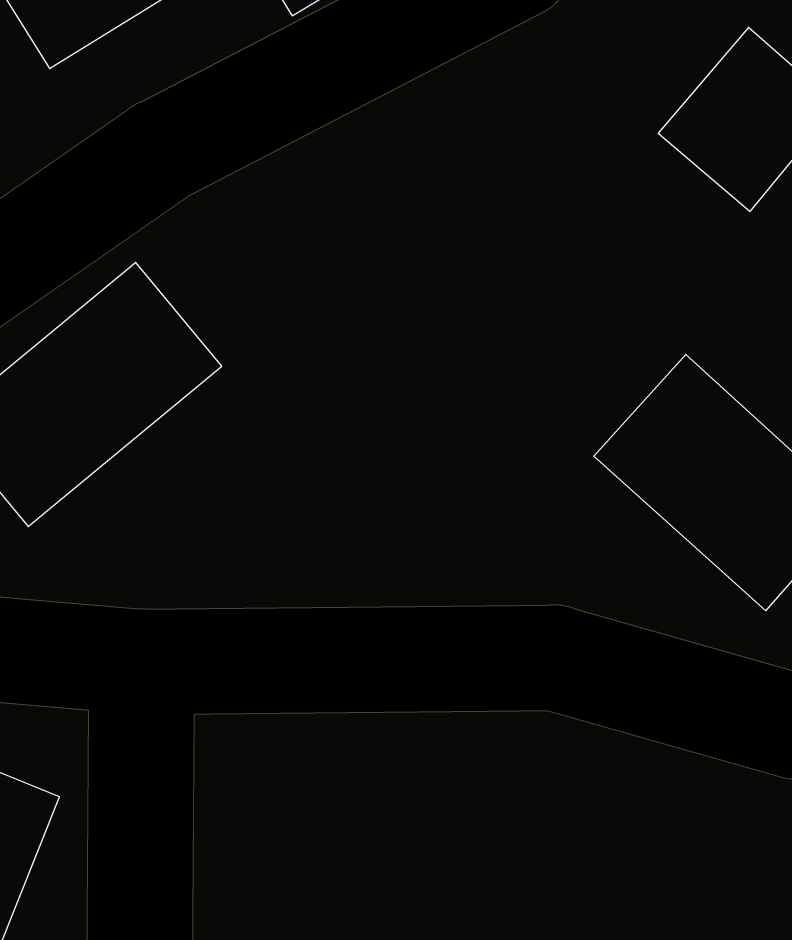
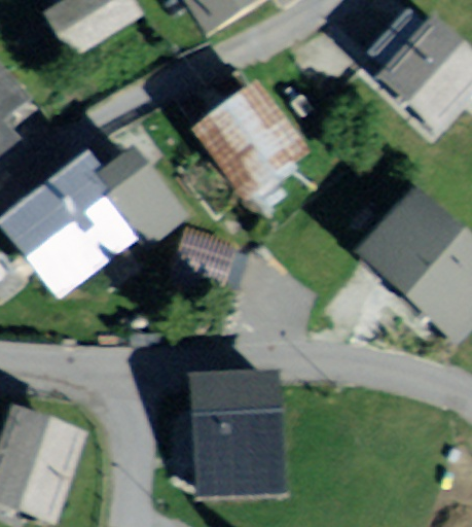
building: none -> [203,90,294,184]
building: none -> [195,375,266,476]

